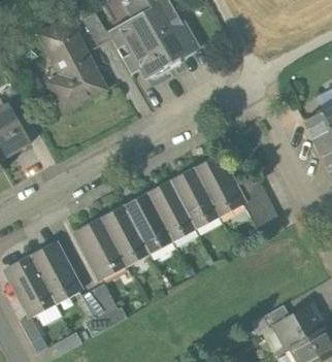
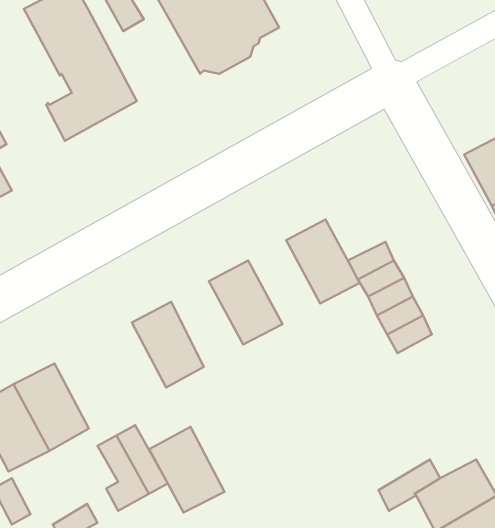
building: [173,172,217,223] -> none
building: [127,197,170,249] -> none
building: [78,222,124,273] -> [149,427,225,513]

